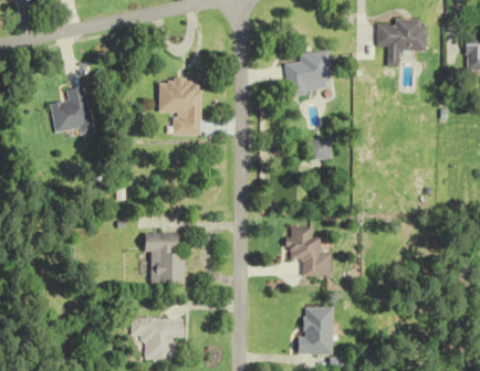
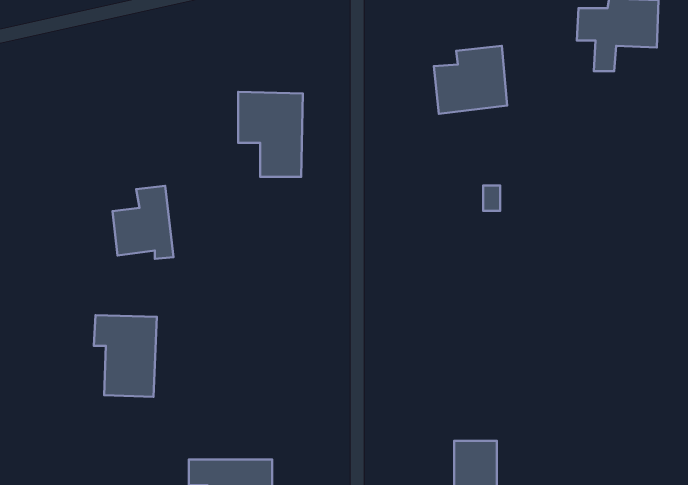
building: [49,86,88,134] -> [112,186,174,259]
building: [288,226,328,275] -> none
building: [142,231,182,284] -> [94,315,157,397]

